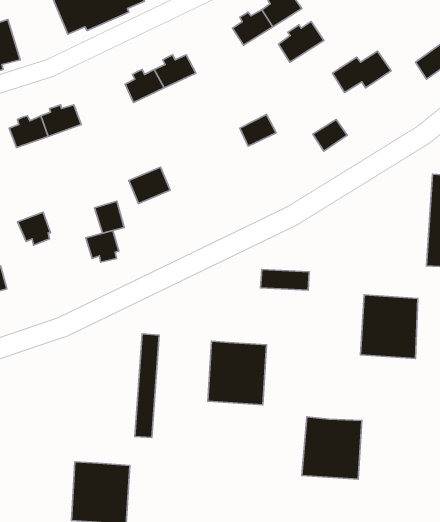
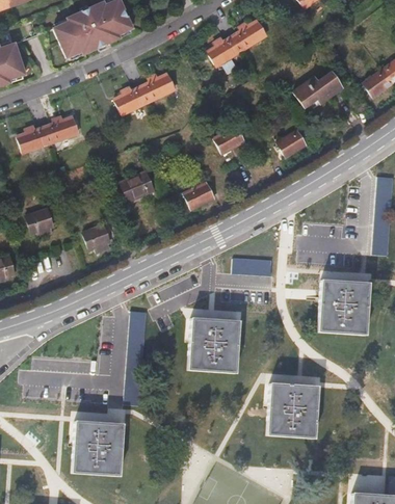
building: [278,22,324,62] -> none
building: none -> [184,181,215,208]
building: [94,201,124,233] -> none

